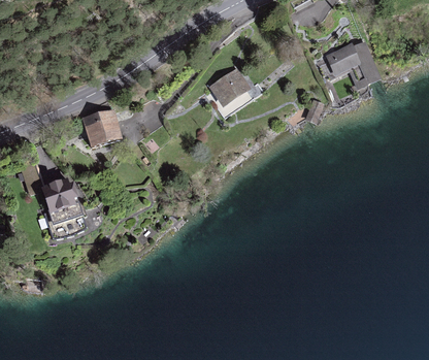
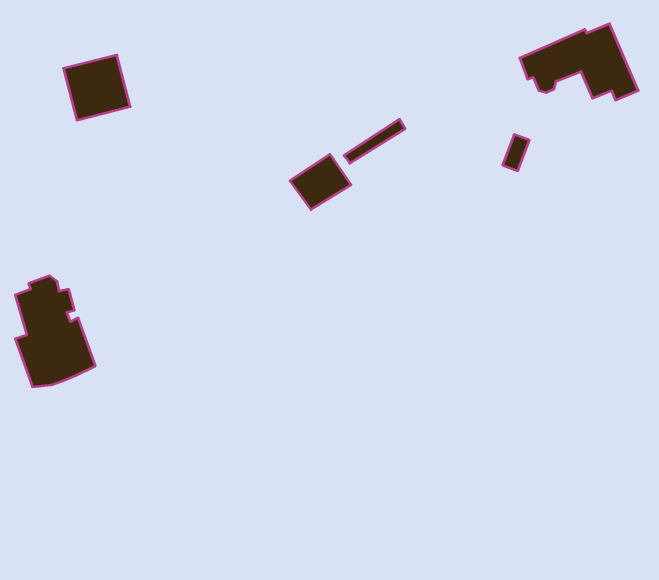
building: [213,70,246,100] -> [290,154,351,210]
building: [85,109,121,144] -> [63,55,130,120]

